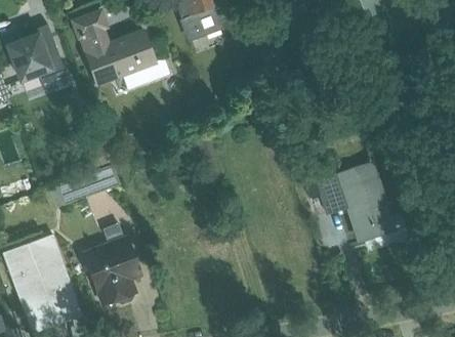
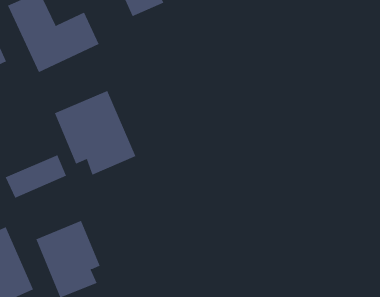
building: none -> [54,90,136,175]
building: [315,161,397,245] -> none

